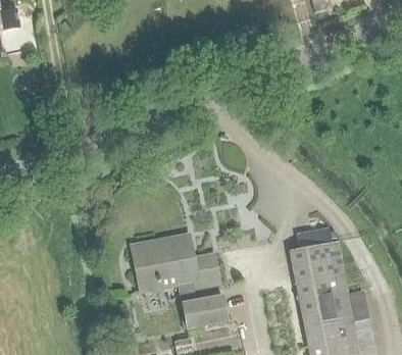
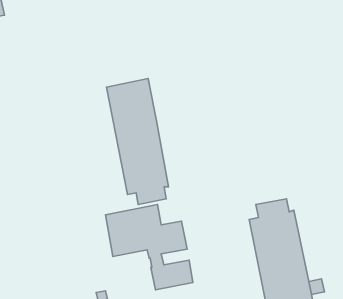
building: none -> [107,78,169,205]

